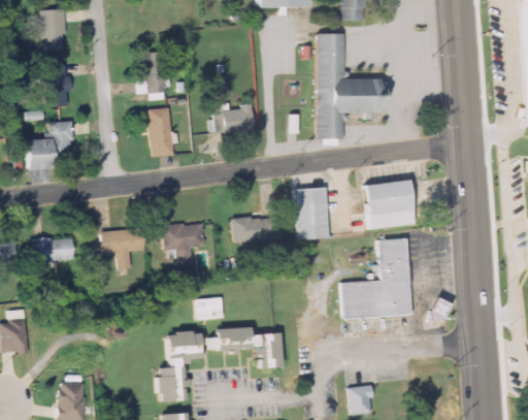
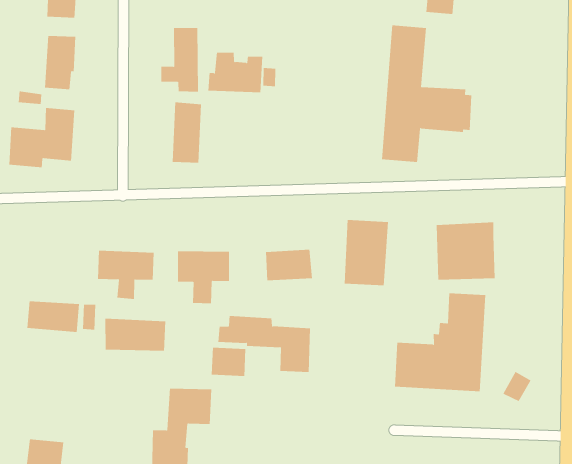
building: [212,102,255,134] -> [207,52,263,93]
building: [37,237,77,260] -> [27,301,80,333]
building: none -> [105,318,166,352]
building: [208,327,283,368] -> [217,316,311,373]

